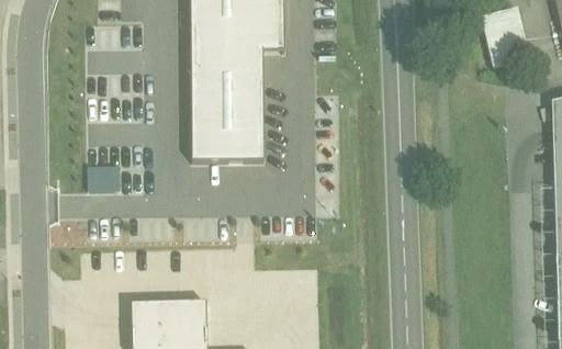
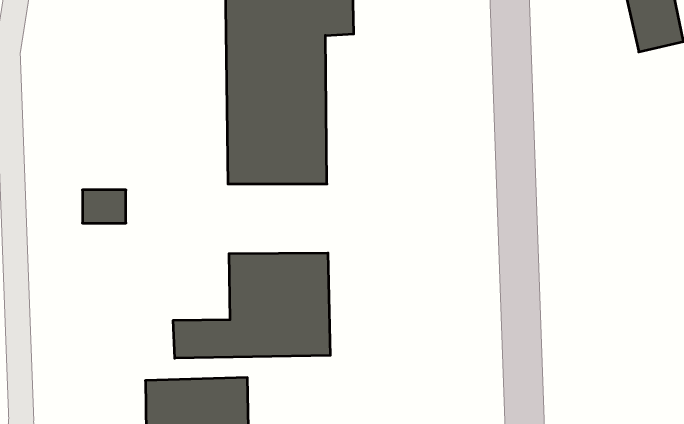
building: none -> [173,253,330,358]

